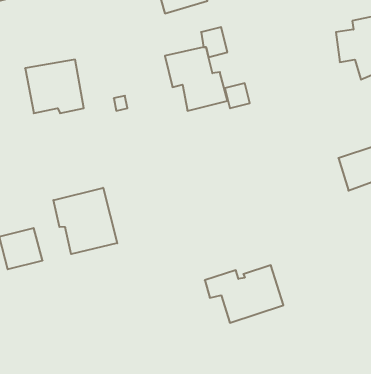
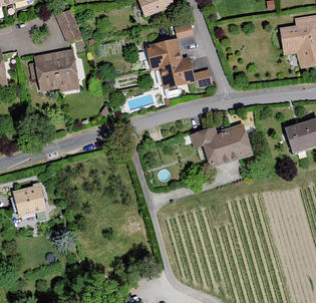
building: none -> [55,9,81,43]
building: [53,188,117,254] -> none
building: [205,265,283,323] -> [190,123,253,170]

